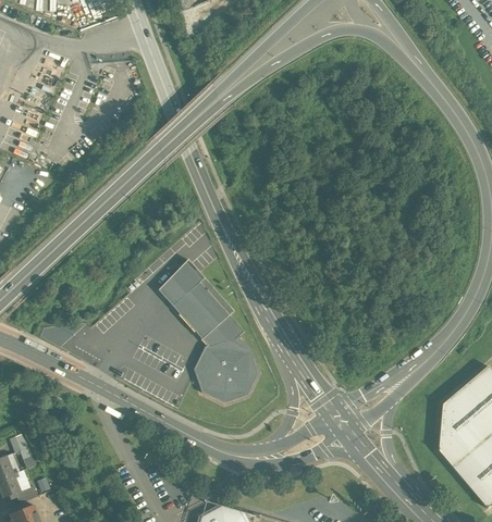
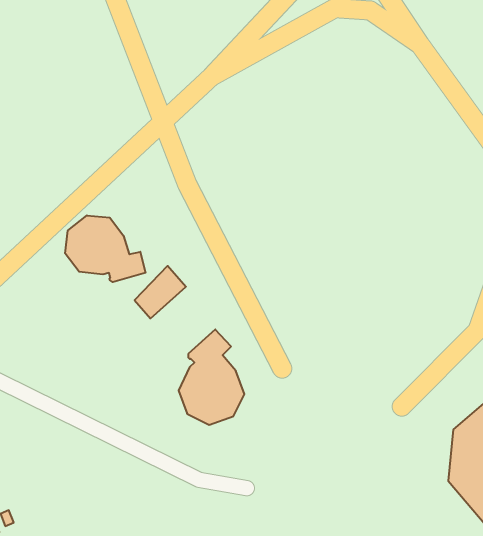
building: none -> [65,215,146,282]
building: [172,278,235,340] -> none

